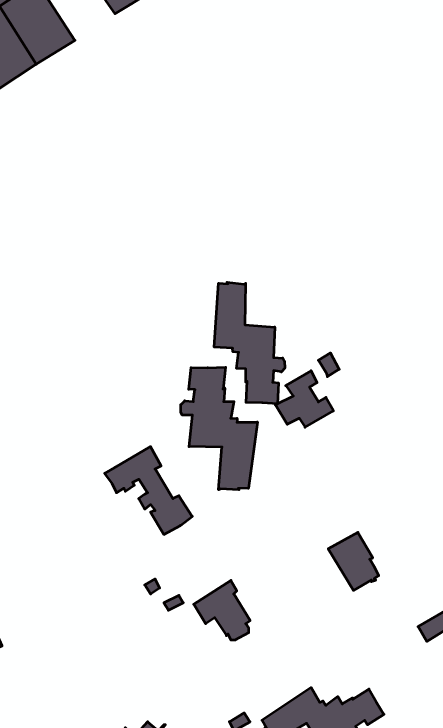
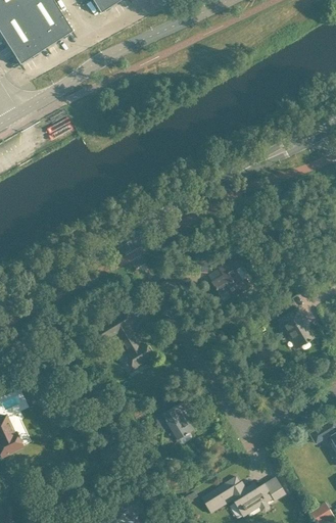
building: [214,282,285,404] -> none
building: [181,367,257,490] -> none
building: [328,532,379,590] -> [279,308,314,348]

